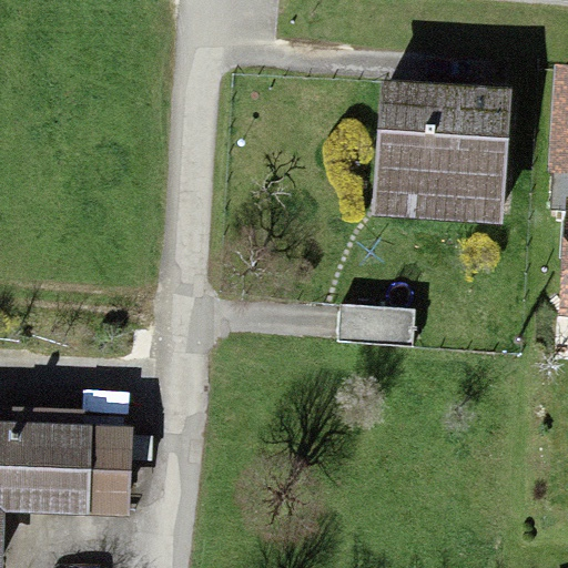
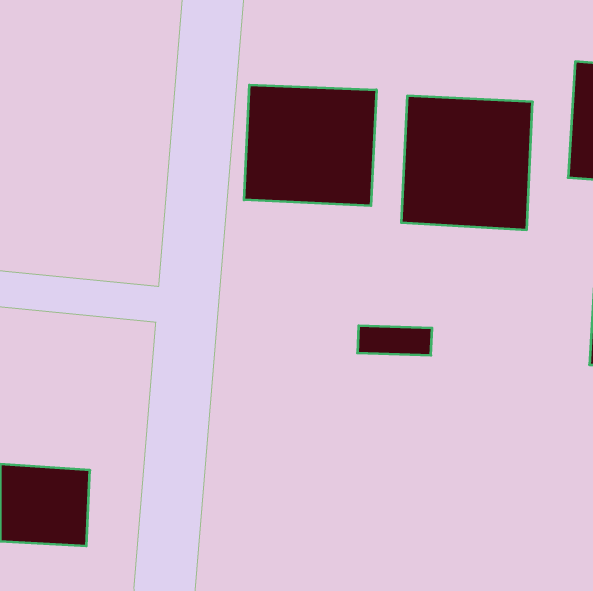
building: none -> [244,85,376,206]

